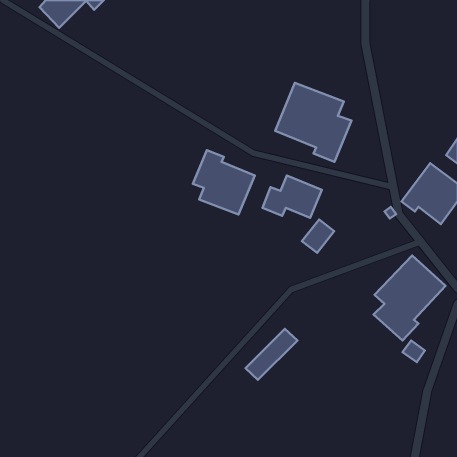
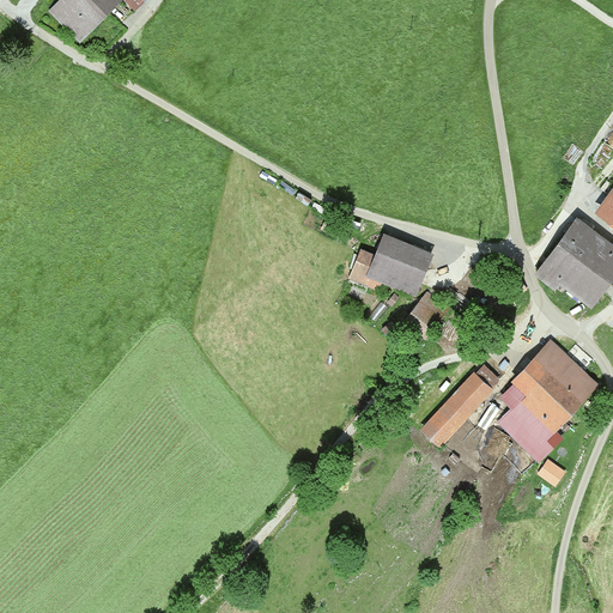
building: [275,83,352,162] -> none
building: [193,150,255,215] -> none
building: [245,329,297,380] -> [421,374,491,442]

